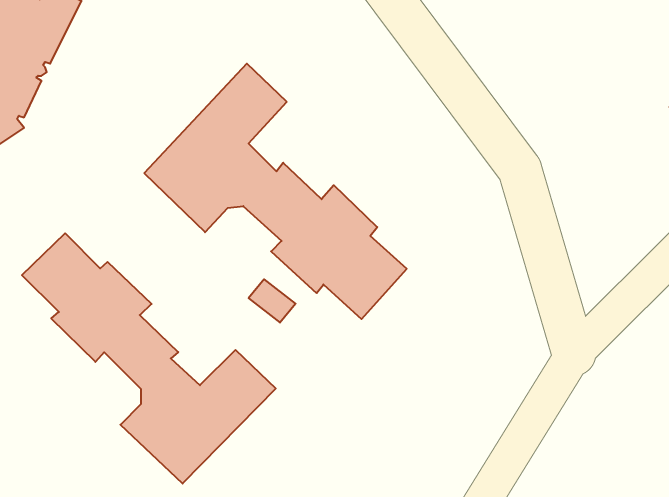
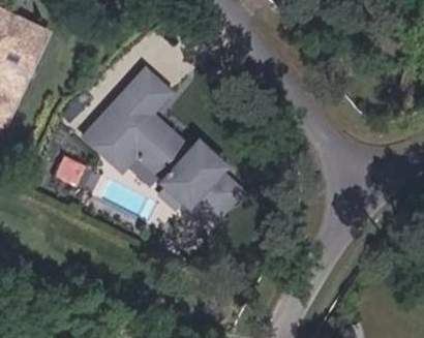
building: [22,233,276,484] -> none

